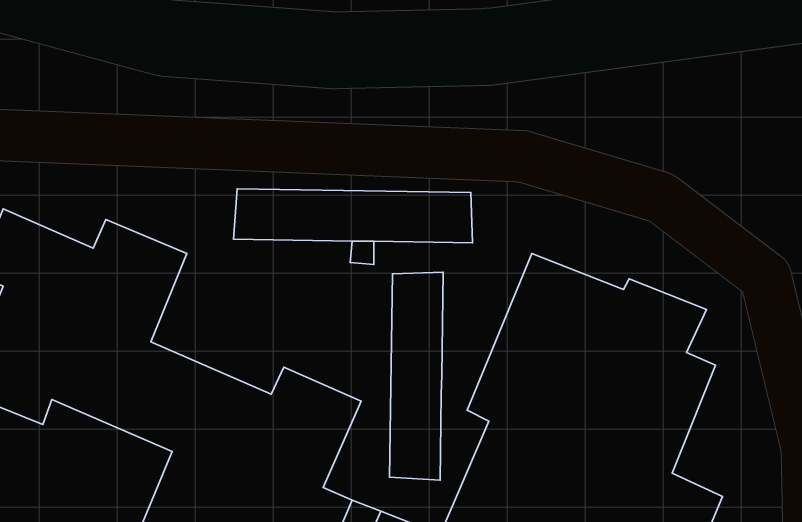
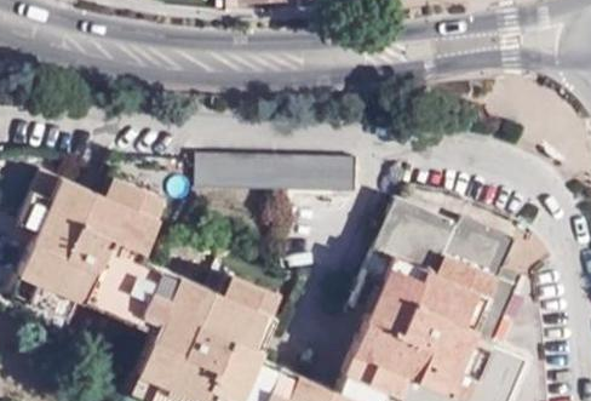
building: [389,272,443,480] -> none

